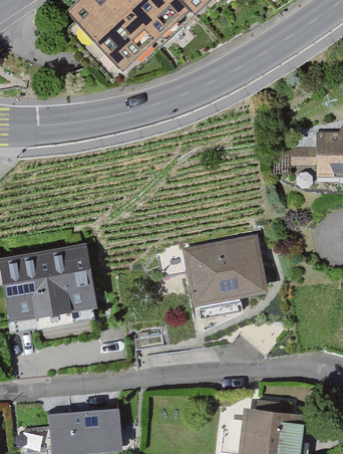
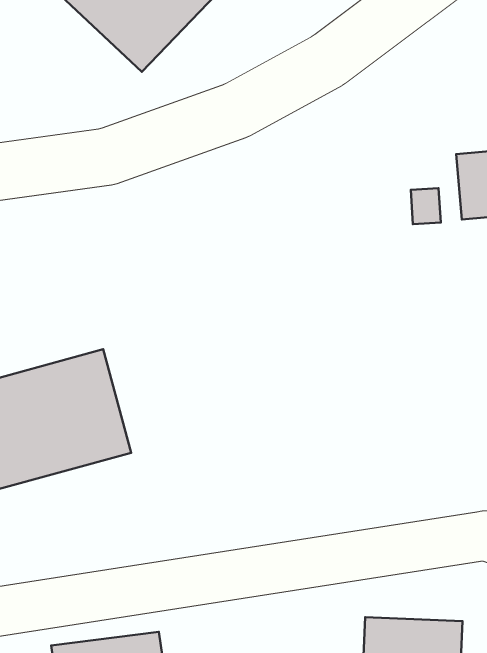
building: [187,241,261,300] -> none

